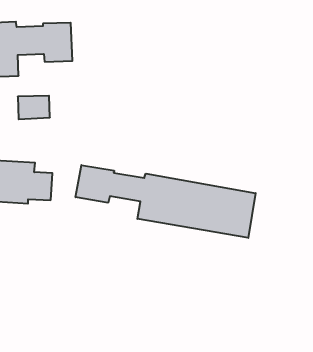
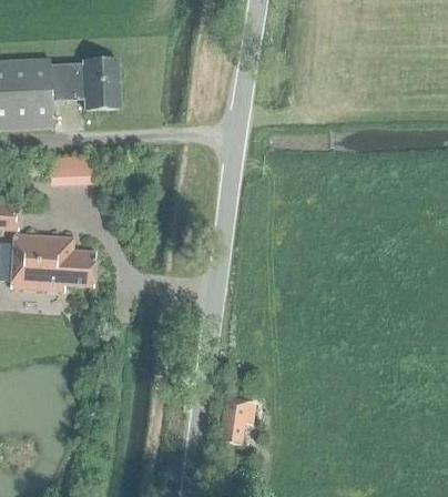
building: [76,165,256,238] -> none
building: none -> [217,396,254,445]

